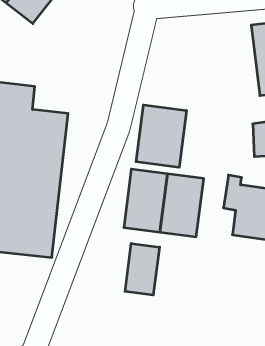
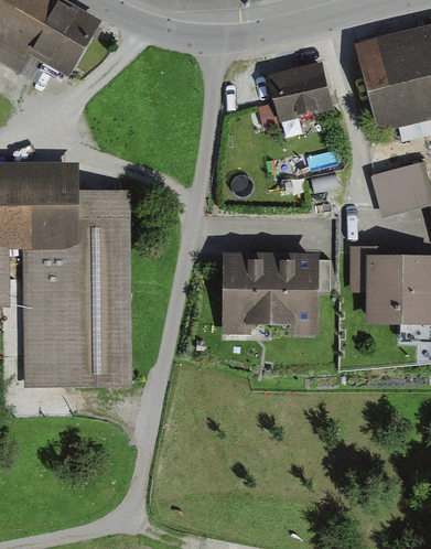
building: none -> [266,60,334,122]
building: [136,105,186,167] -> none
building: [125,243,160,295] -> none

